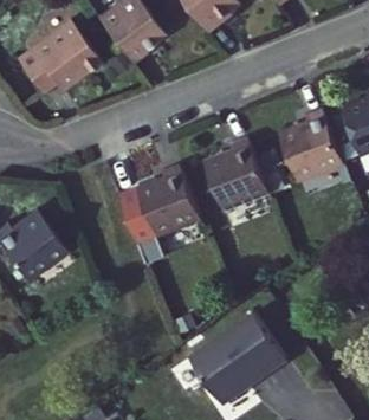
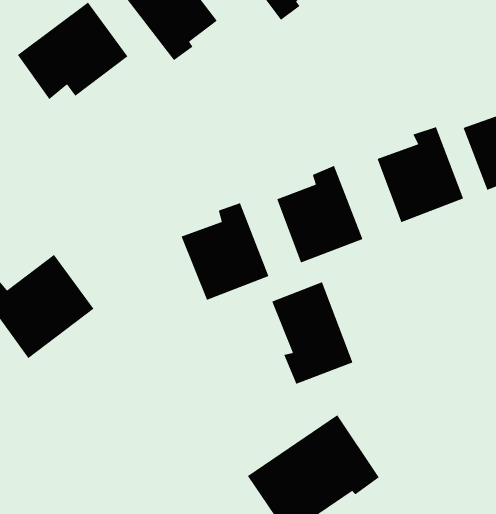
building: none -> [271,281,354,385]

